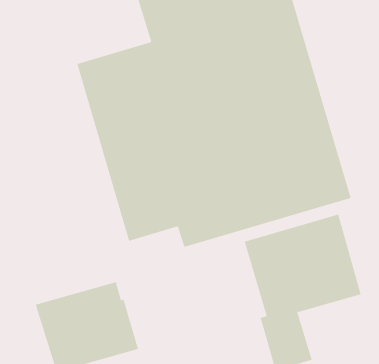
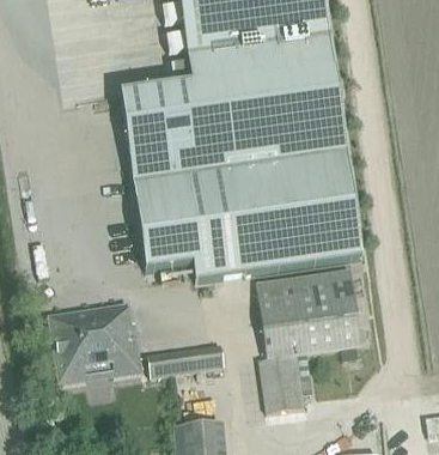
building: none -> [150,344,225,375]

